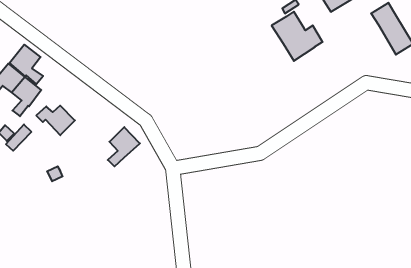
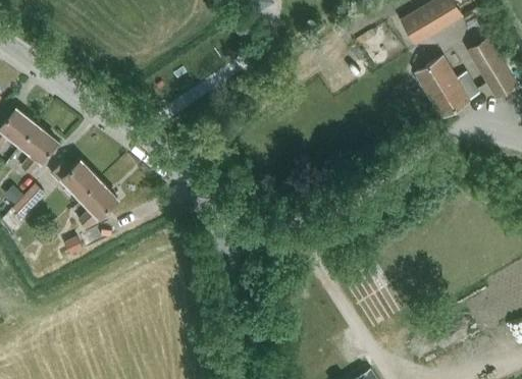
building: [272,12,323,61] -> [415,57,478,118]
building: [10,45,43,84] -> none
building: [108,127,140,166] -> [79,180,118,229]

